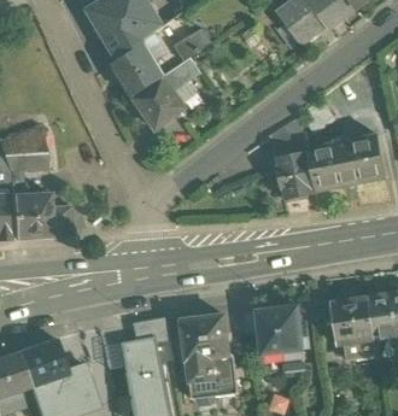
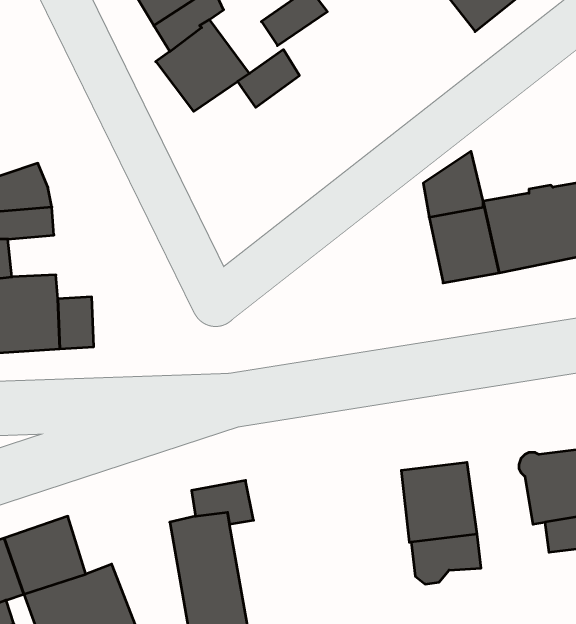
building: [134,78,182,127] -> none
building: [181,312,240,397] -> none

